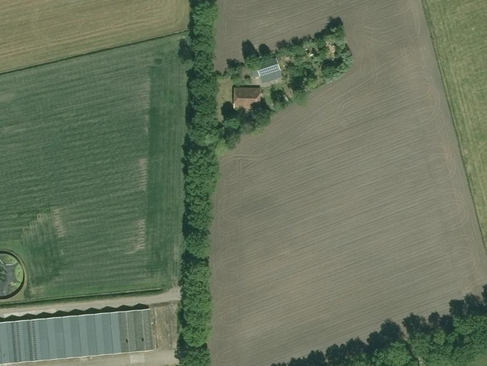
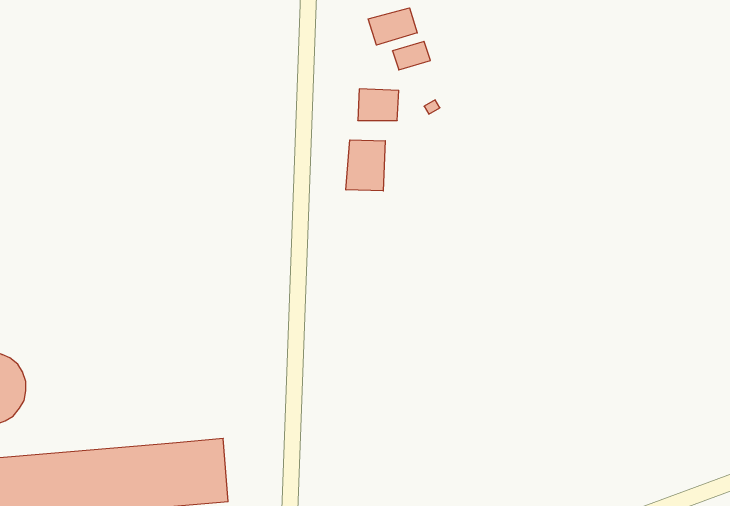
building: none -> [368,8,417,45]
building: none -> [346,140,385,191]

